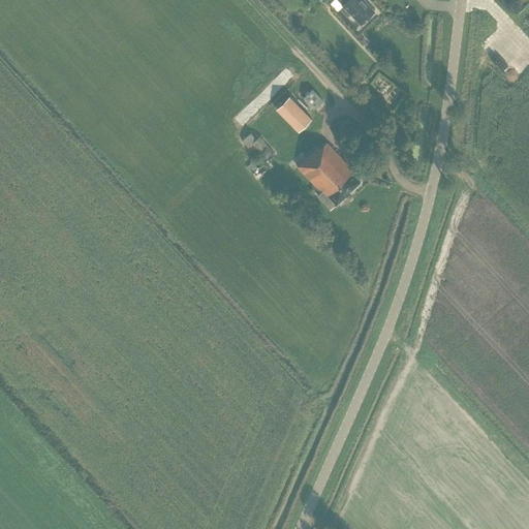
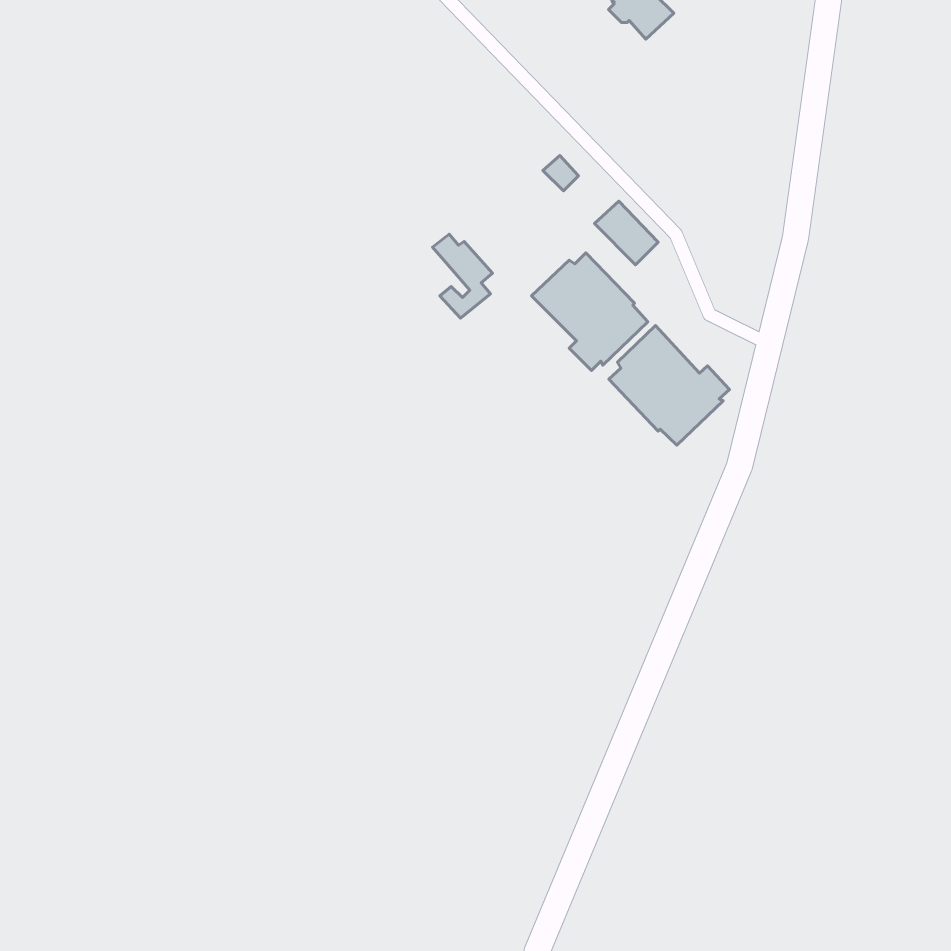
building: [273,93,308,128] -> [594,201,658,265]
building: none -> [609,325,729,445]

